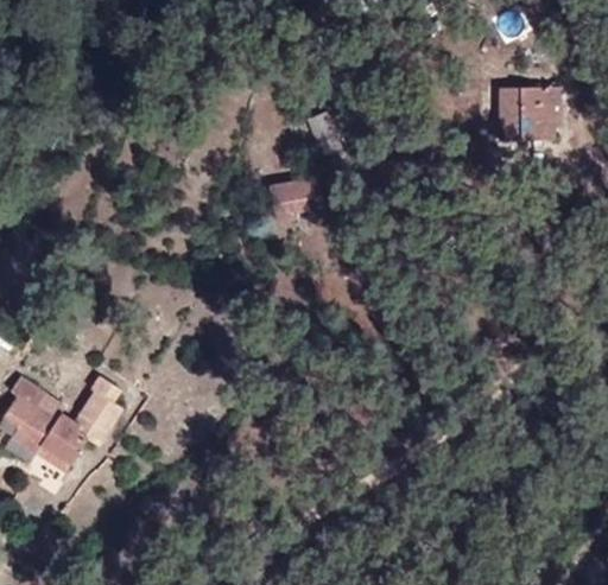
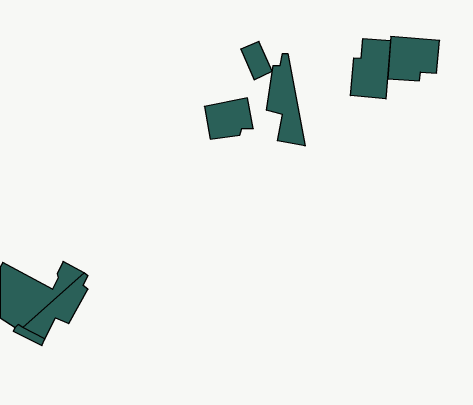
building: none -> [350,39,391,99]
building: none -> [267,54,305,146]

